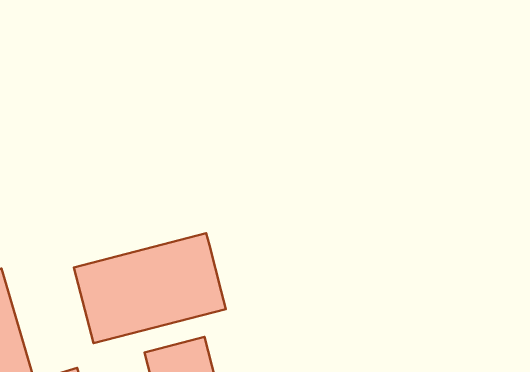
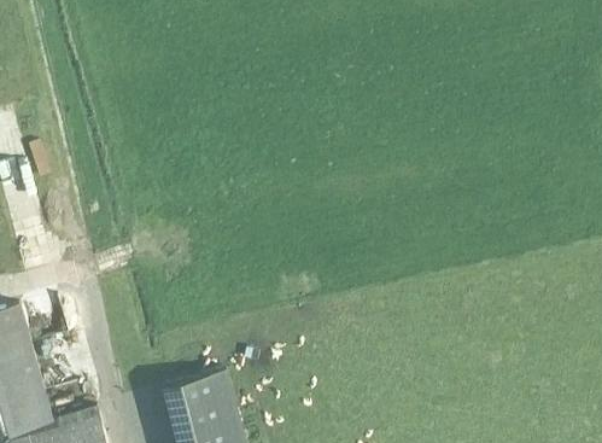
building: [74,233,226,343] -> none

